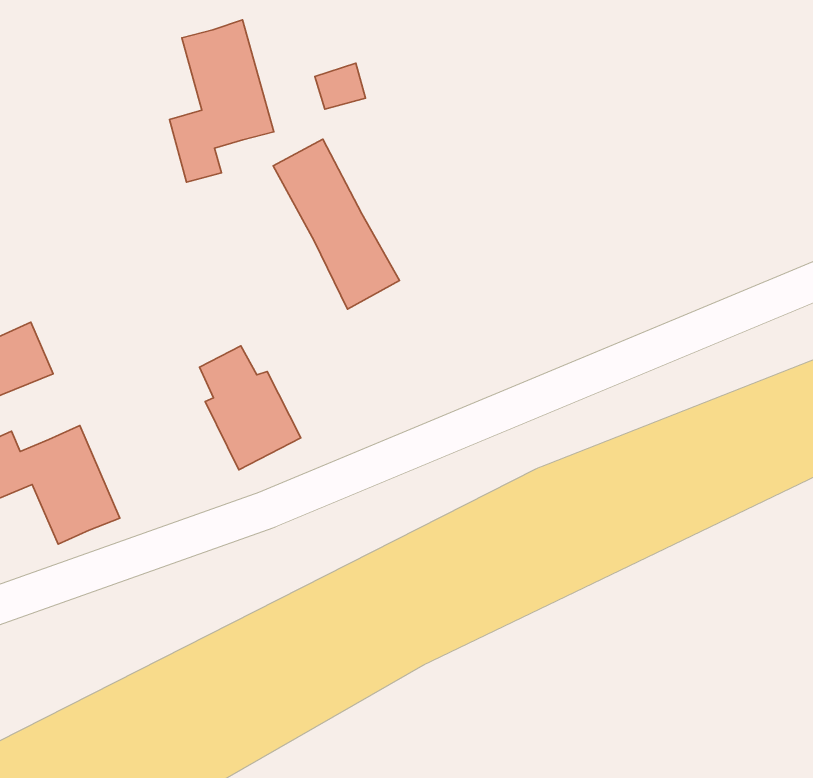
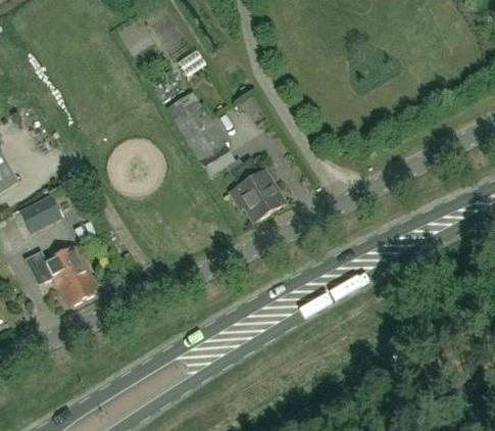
building: [169,20,274,182] -> none
building: [199,346,301,470] -> [231,158,285,222]

